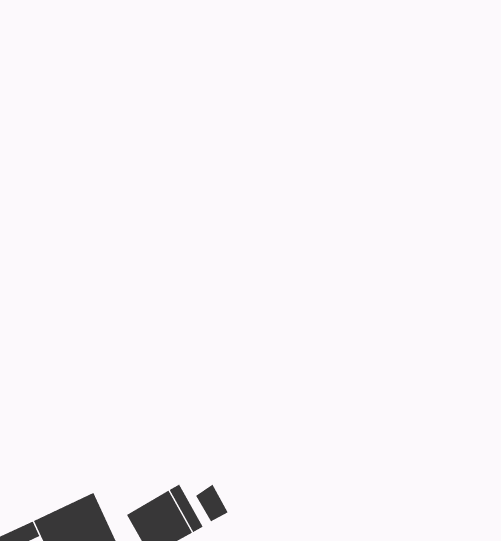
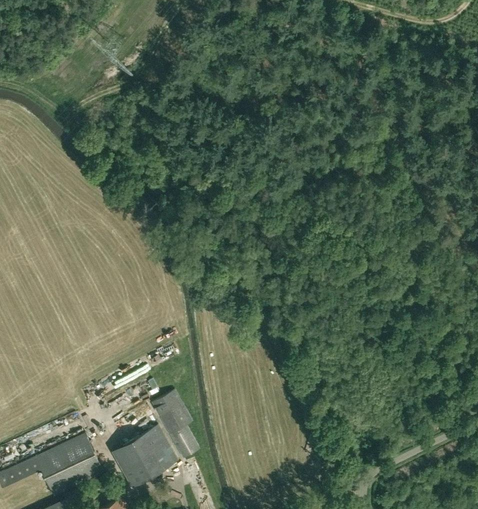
building: none -> [152,392,191,437]

